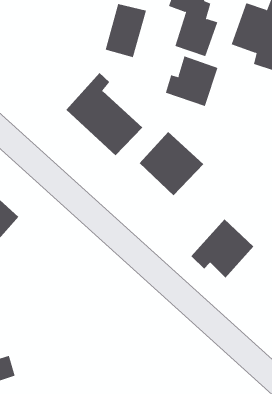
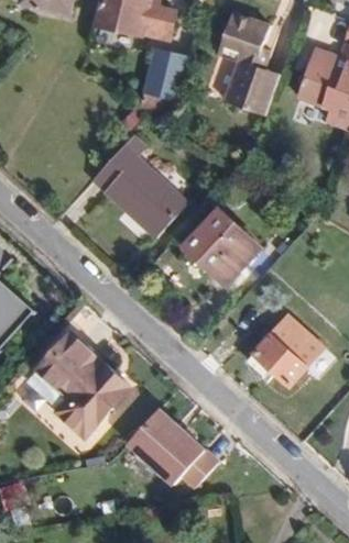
building: [165,55,218,107] -> none
building: none -> [29,332,130,436]
building: none -> [126,407,220,490]

